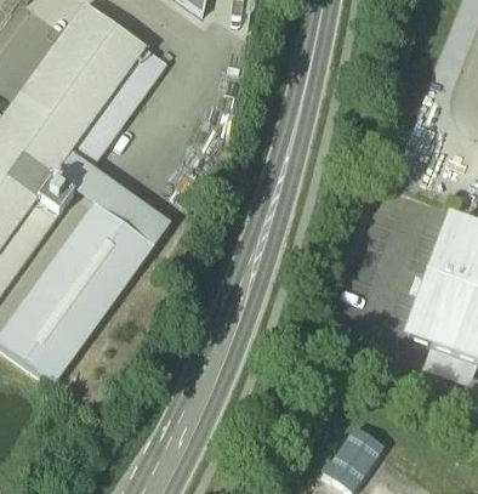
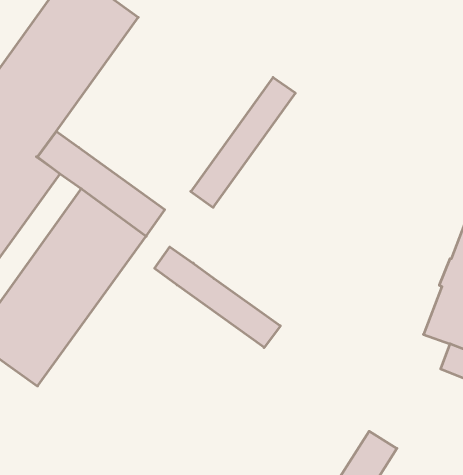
building: [69,46,165,165] -> [191,77,295,207]
building: none -> [155,247,280,348]

